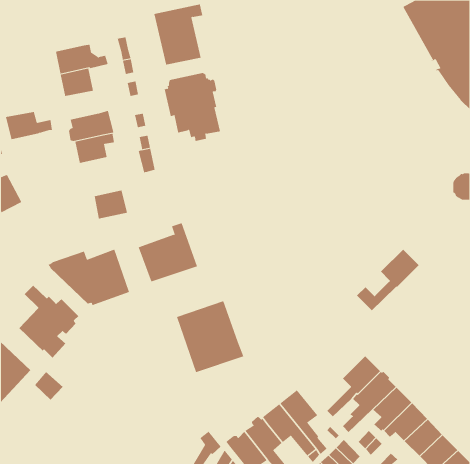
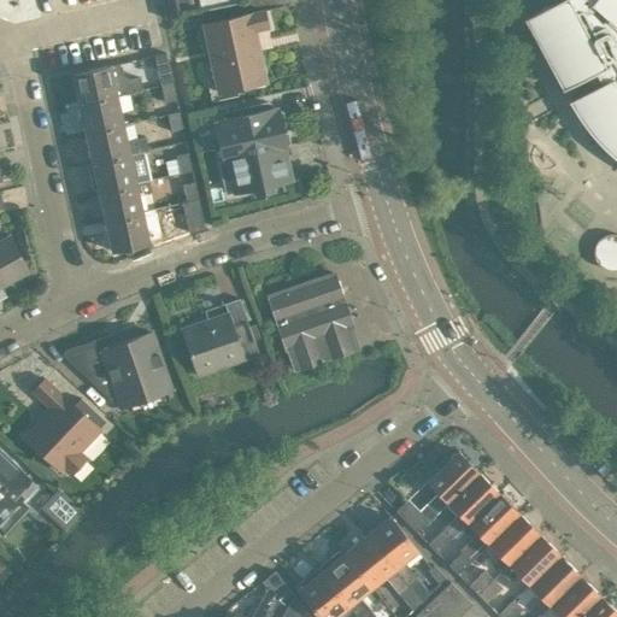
building: [5,111,53,140] -> [84,127,147,164]
building: [94,190,128,219] -> [104,213,148,252]
building: [356,249,420,311] -> [395,452,478,534]
building: [176,300,244,373] -> [269,275,358,370]

